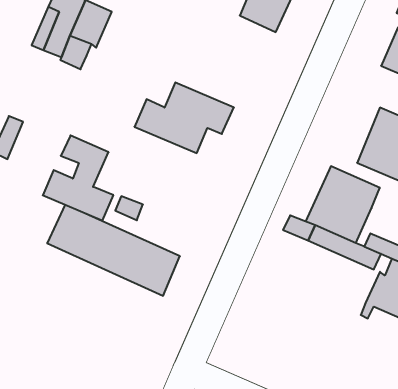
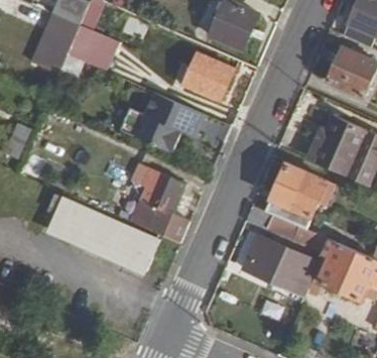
building: none -> [182,51,233,100]
building: [43,135,113,220] -> [130,170,190,242]
building: none -> [244,235,318,288]

